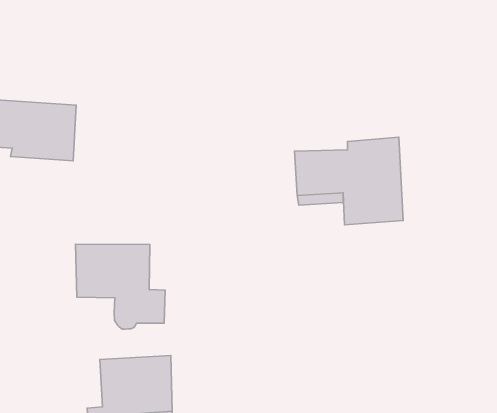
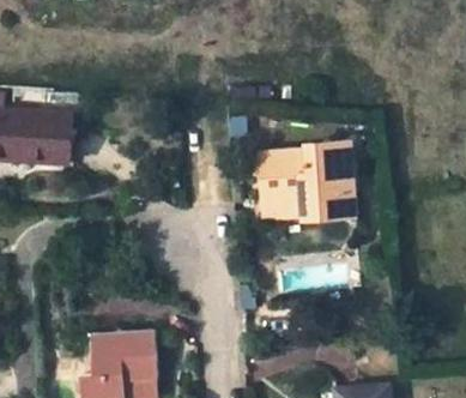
building: [76,244,165,329] -> none

